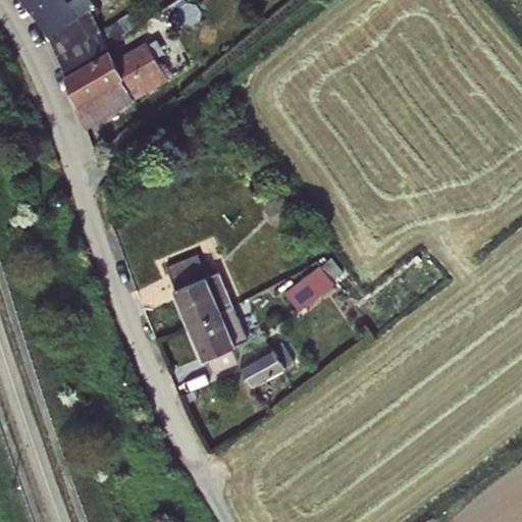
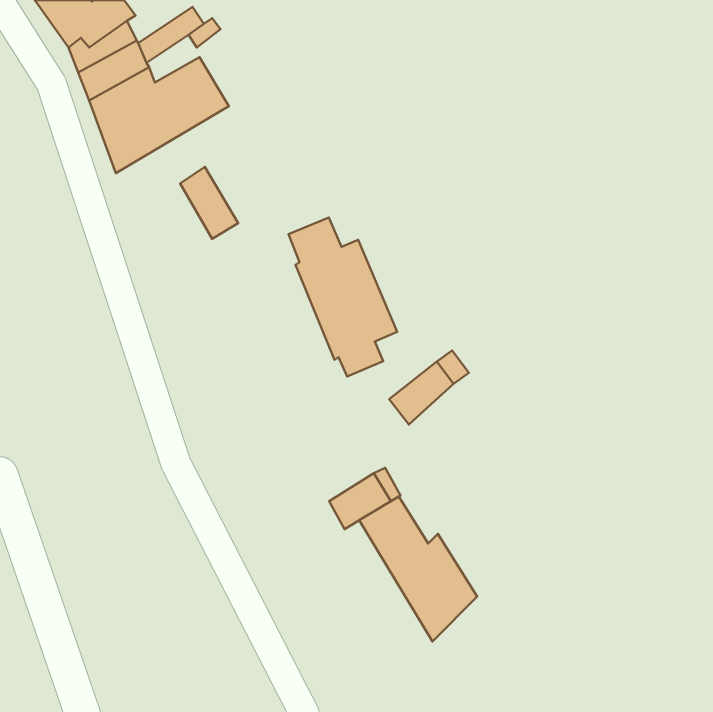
building: none -> [180,167,238,239]
building: [167,257,247,373] -> [288,217,397,377]
building: none -> [359,497,477,641]

